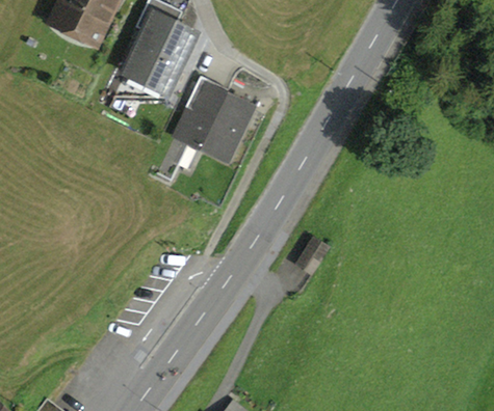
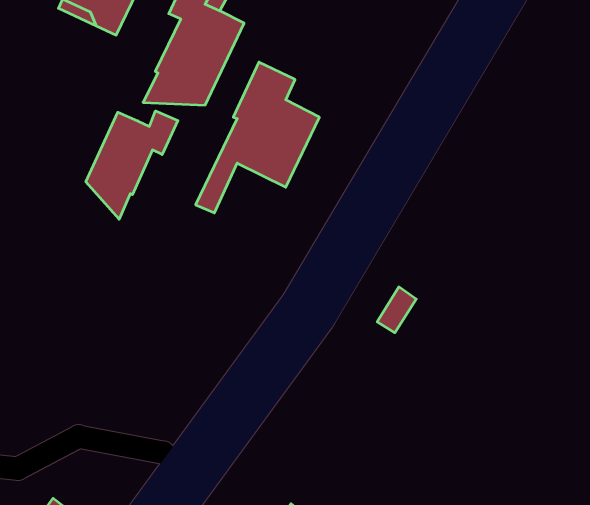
building: none -> [86,111,178,219]

